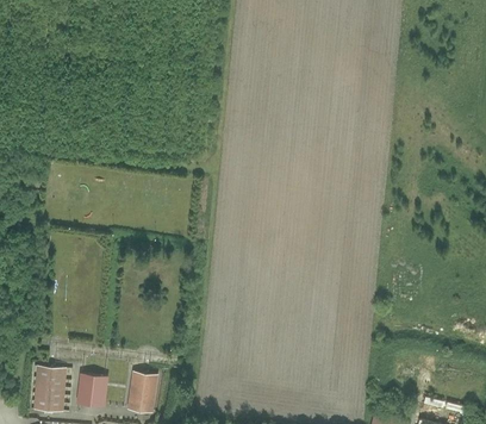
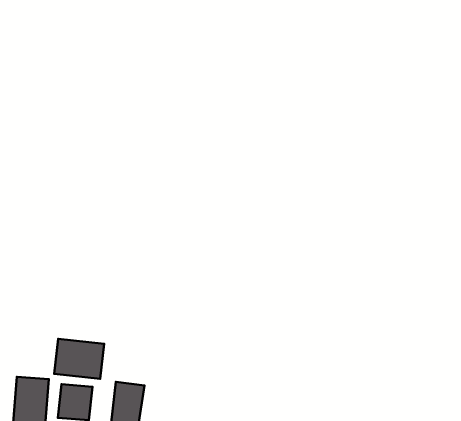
building: none -> [54,339,104,379]

